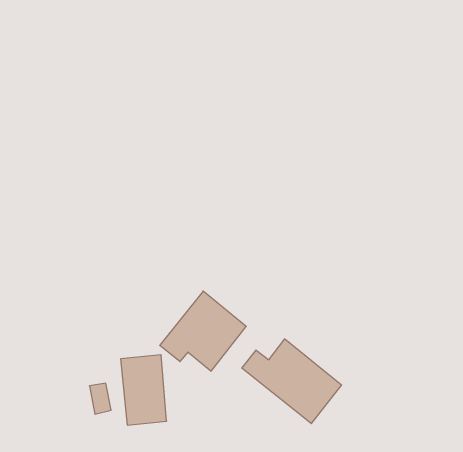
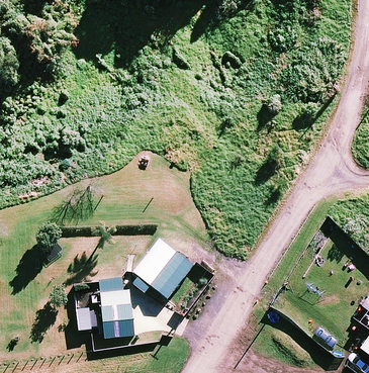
building: [242,339,342,424] -> none

